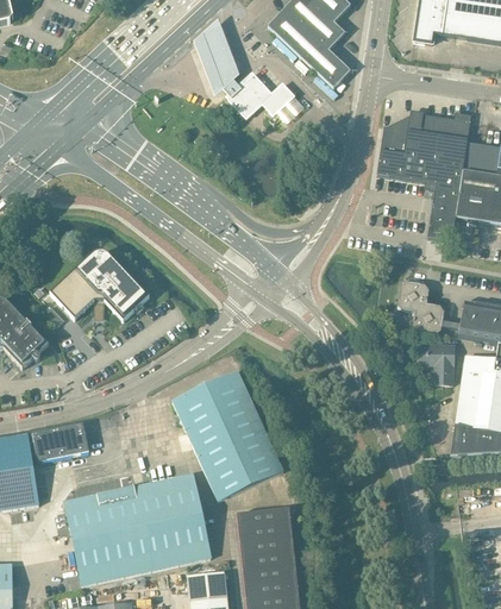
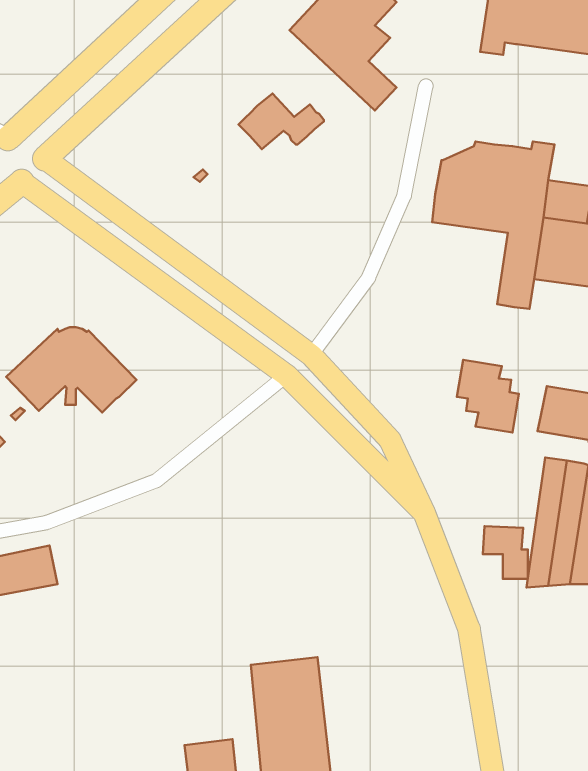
building: [194,15,243,96] -> none
building: [418,343,452,383] -> [483,526,528,579]
building: [173,372,283,501] -> none
building: [64,475,211,585] -> none

